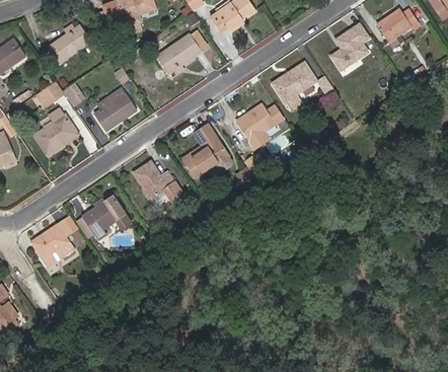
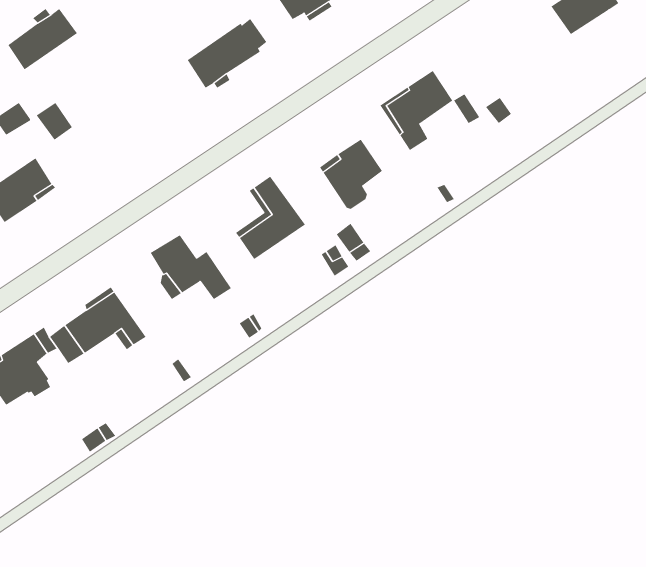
building: [325,27,368,61] -> none
building: [93,92,136,130] -> none

